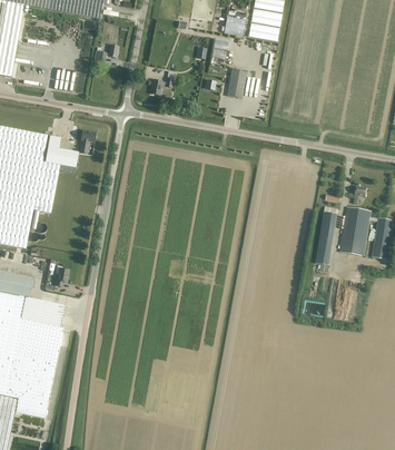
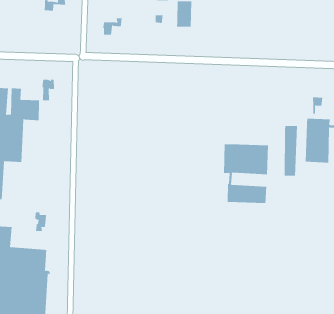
building: none -> [223,144,269,204]

